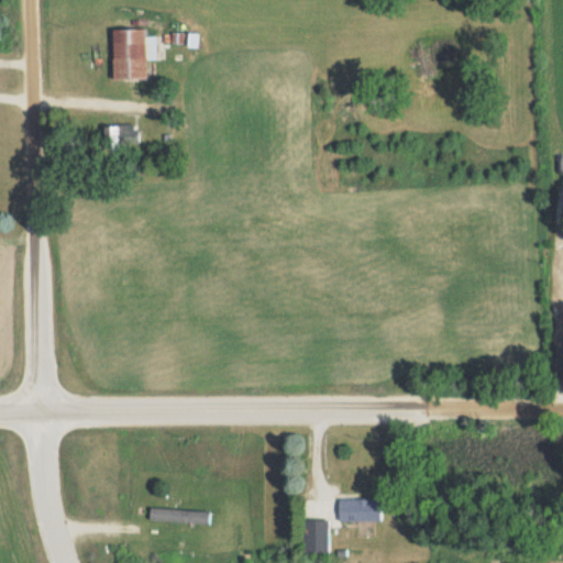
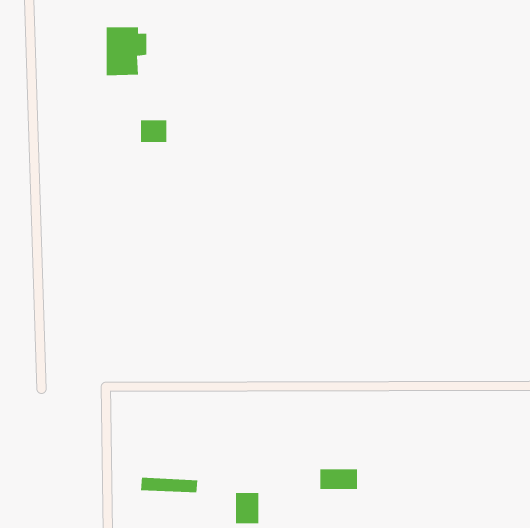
building: [109,126,137,151] -> [140,120,167,143]
building: [302,520,328,553] -> [235,493,259,524]

